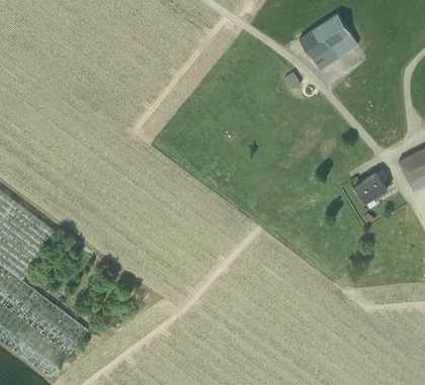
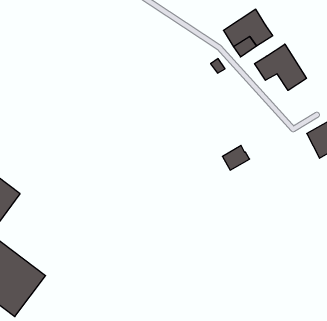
building: none -> [255,44,306,90]
building: [355,172,388,201] -> [222,145,250,170]

